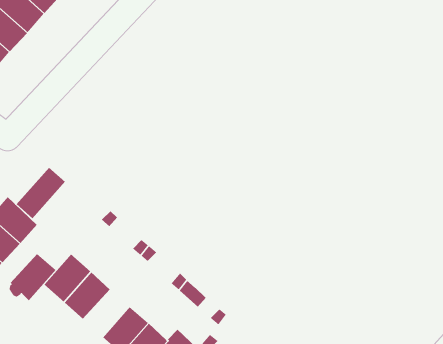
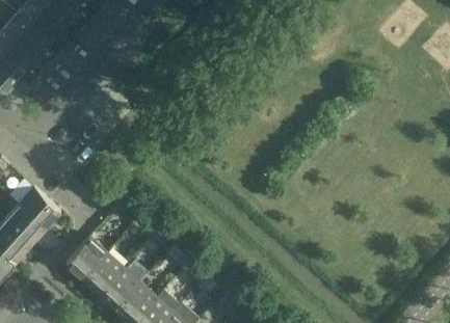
building: [16,167,66,219] -> none
building: [8,253,56,301] -> [95,264,136,305]

